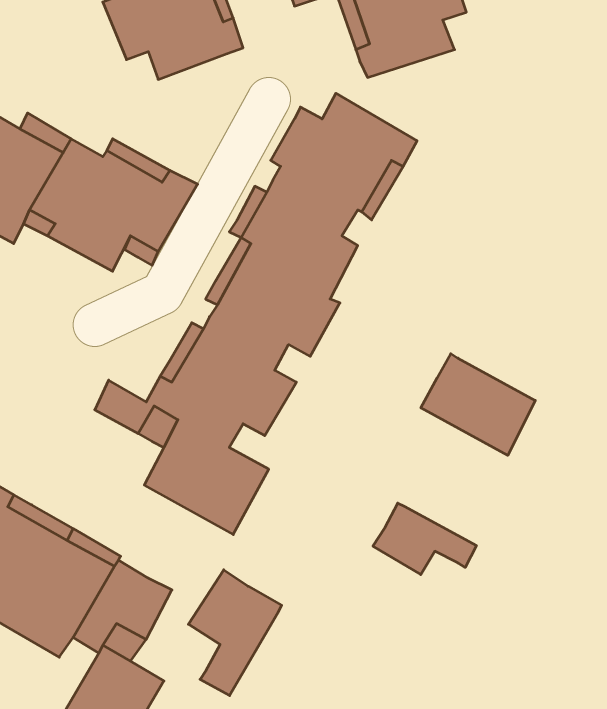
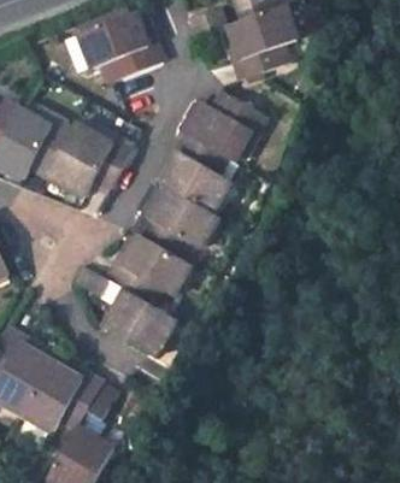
building: [421,354,535,455] -> none
building: [373,503,476,575] -> none
building: [188,570,282,696] -> none

